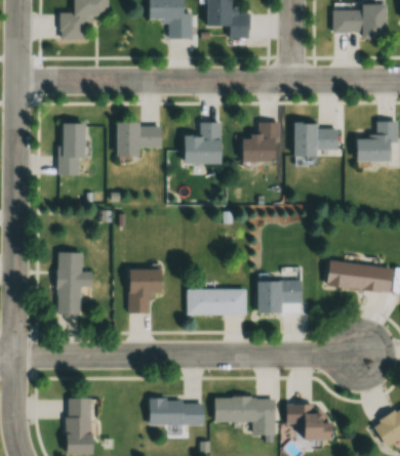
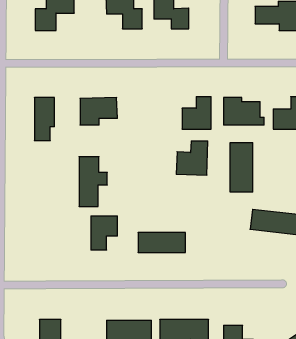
building: [183,121,222,163] -> [176,141,208,175]
building: none -> [230,143,253,192]
building: [57,251,92,313] -> [79,157,107,206]
building: [256,273,302,313] -> none

